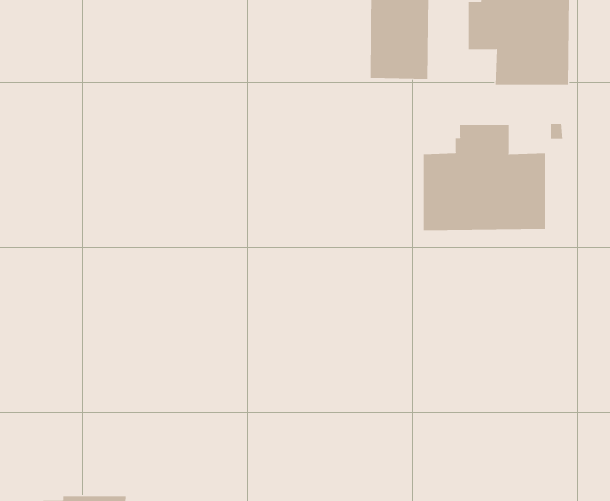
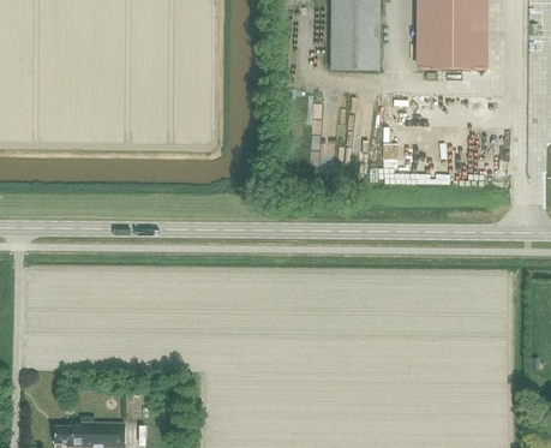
building: [423,124,545,231] -> none

